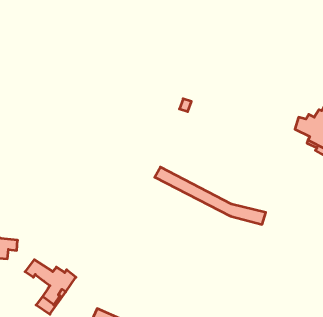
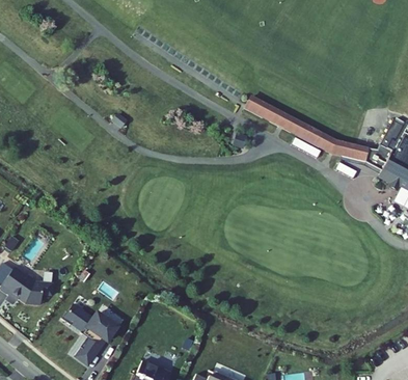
building: [155,167,266,224] -> [244,94,369,159]

